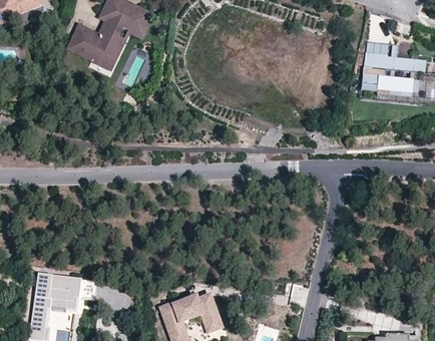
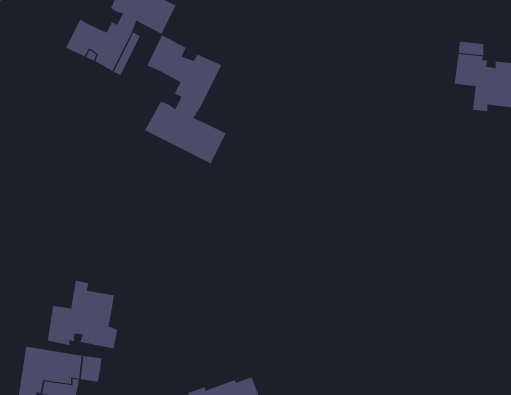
building: none -> [144,35,227,164]
building: none -> [47,280,118,349]

